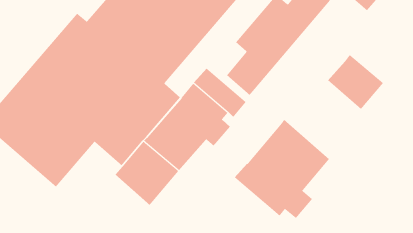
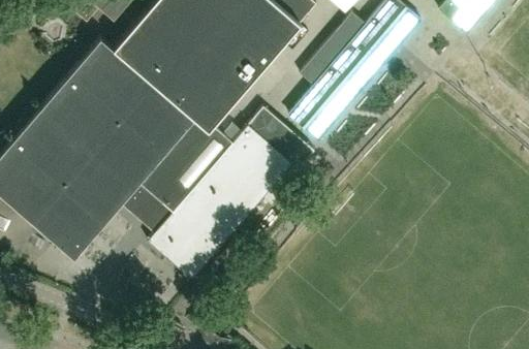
building: [327,54,384,110] -> none
building: [234,119,330,219] -> none

